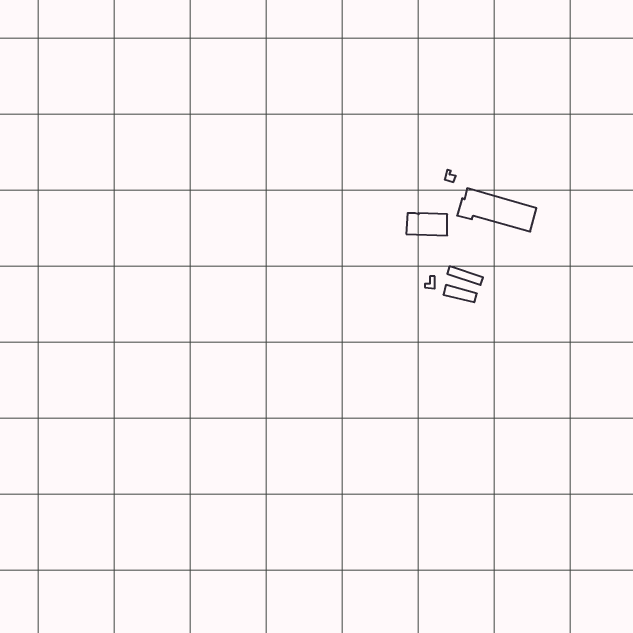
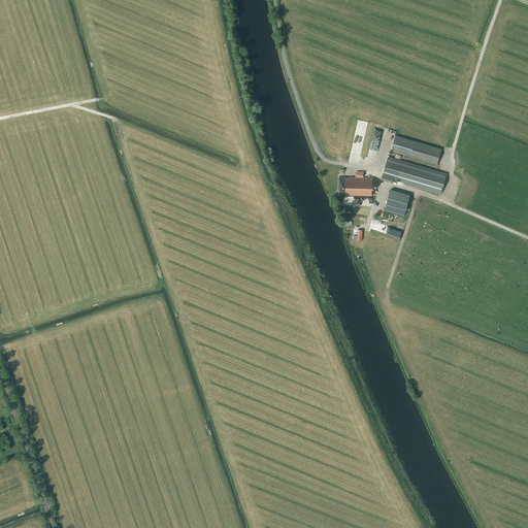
building: none -> [391,135,441,164]
building: none -> [386,190,411,216]

